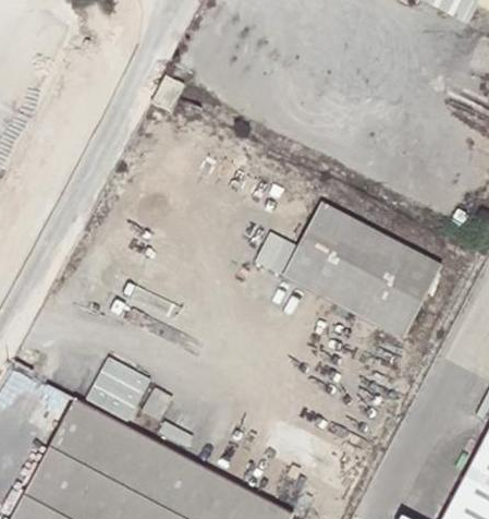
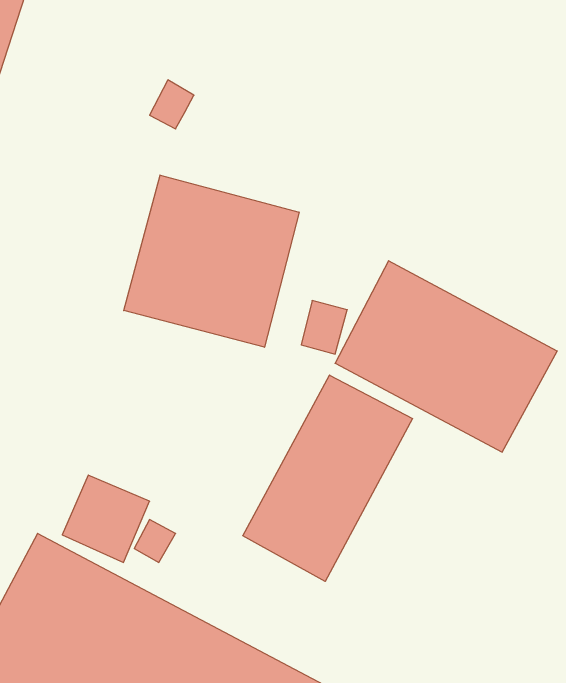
building: none -> [124,175,299,347]
building: none -> [243,375,413,581]

